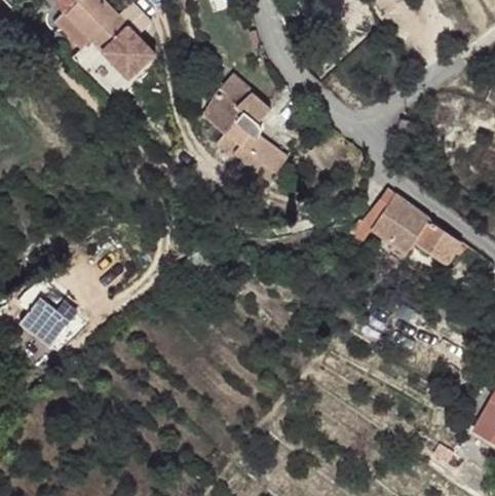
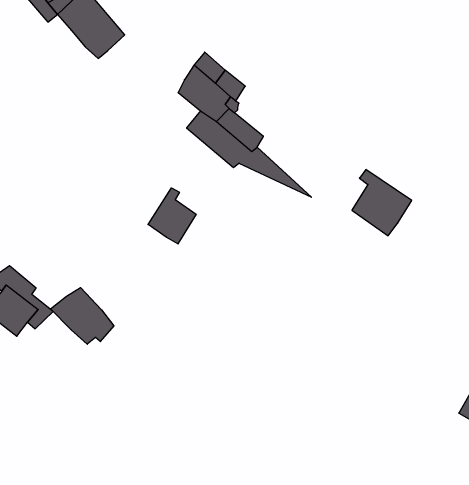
building: none -> [148,188,196,244]
building: [416,218,461,262] -> none
building: none -> [50,288,114,344]

